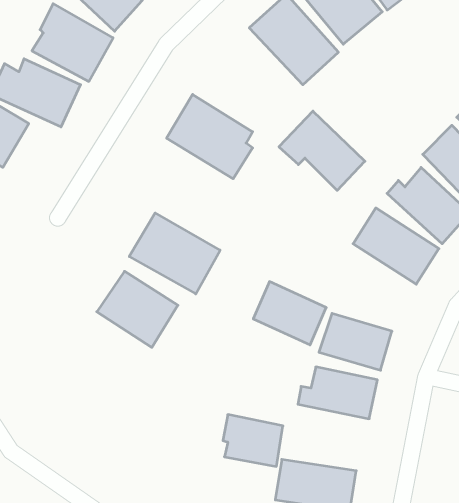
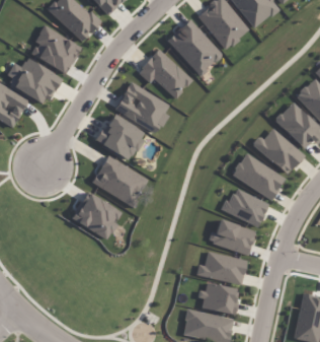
building: [279,111,365,190] -> [138,49,191,98]
building: none -> [94,115,146,159]
building: [253,282,326,345] -> [223,187,268,226]
building: [223,415,283,466] -> [201,281,238,314]

